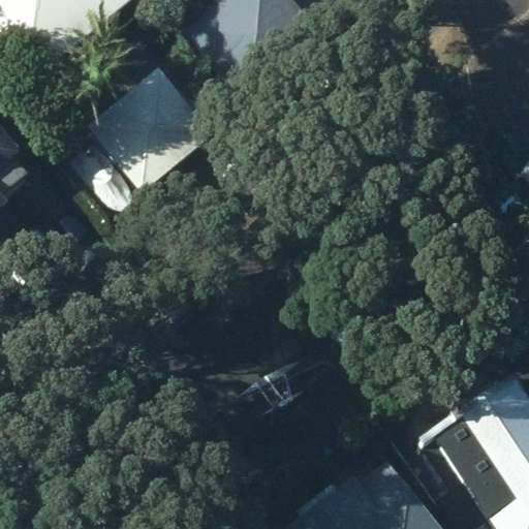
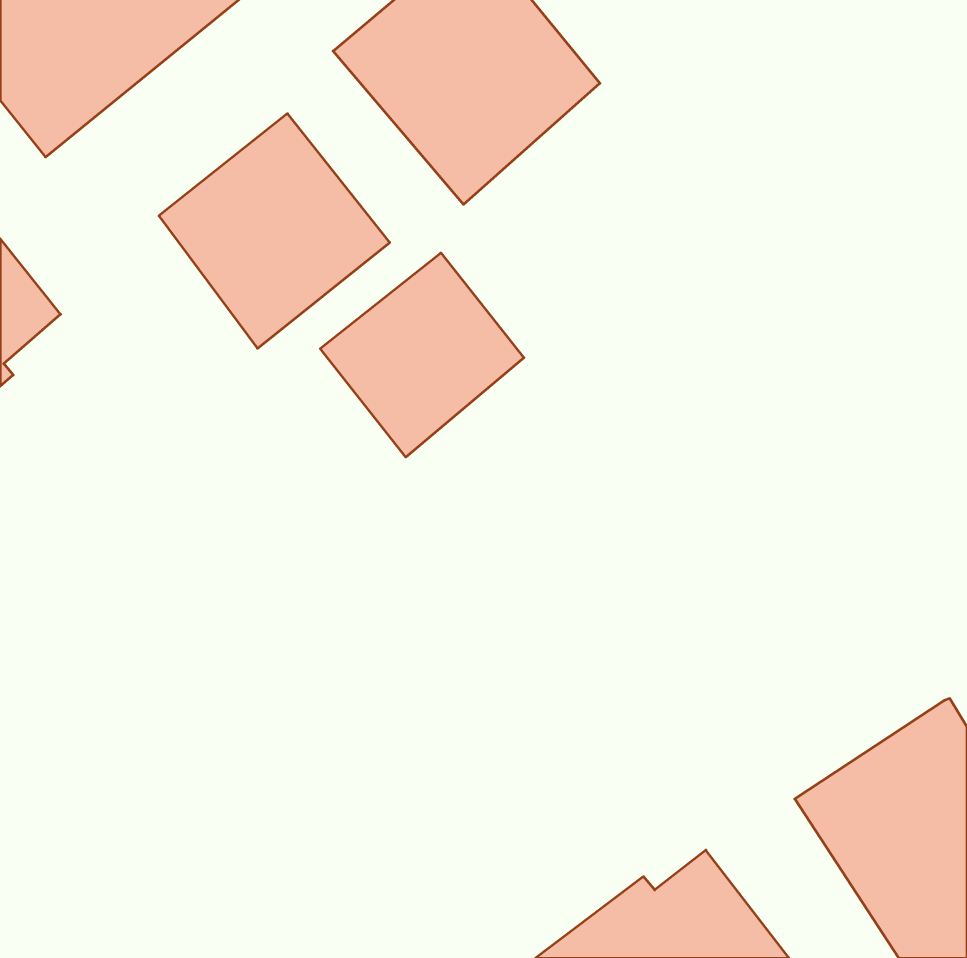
building: none -> [320,253,524,457]

